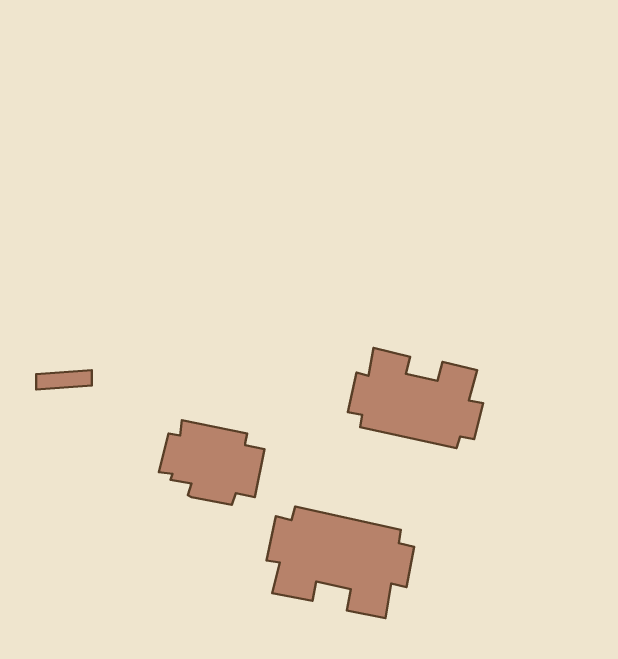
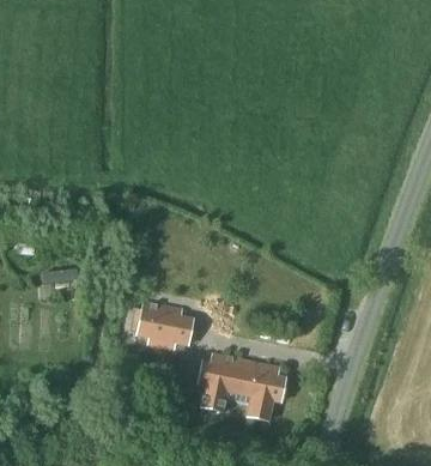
building: [348,348,483,448] -> none

